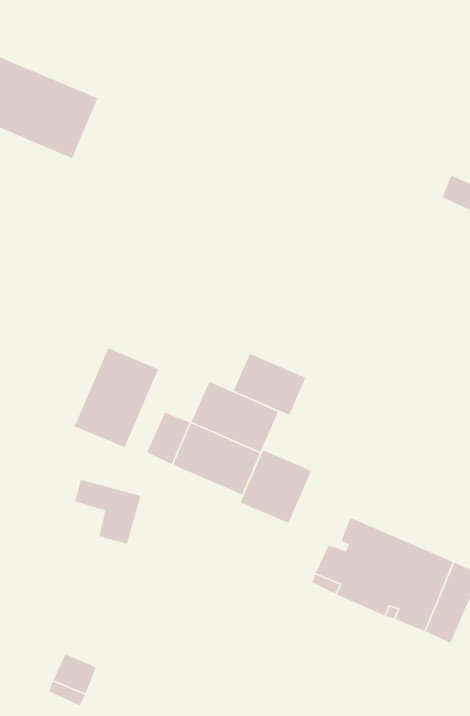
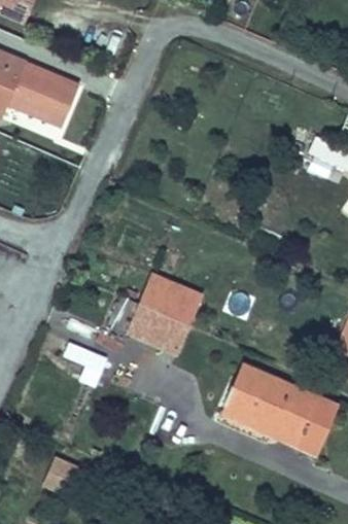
building: [74,347,159,448] -> none
building: [233,353,306,416] -> none
building: [239,449,312,524] -> none

